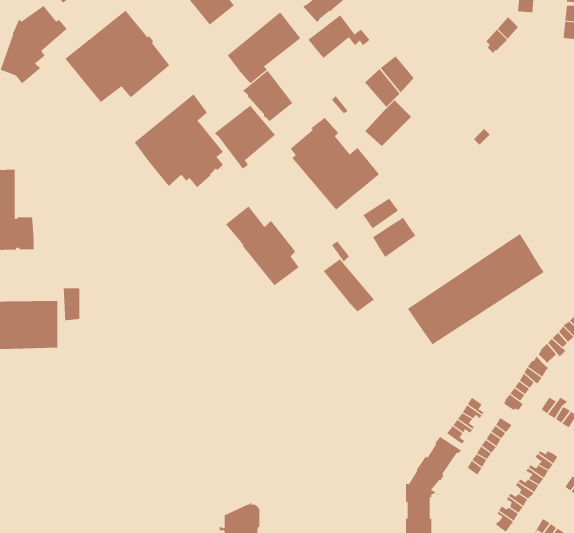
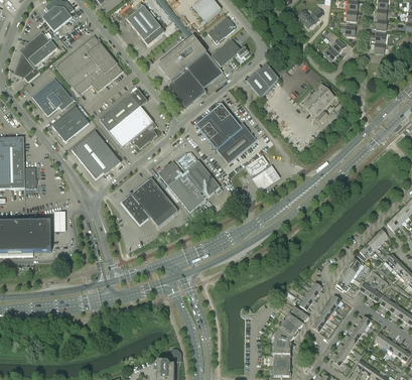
building: none -> [31,77,73,115]
building: [365,99,412,147] -> [302,85,332,115]
building: [214,105,276,170] -> [182,52,222,94]
building: none -> [51,106,89,141]
building: none -> [71,130,120,178]
building: [407,233,545,345] -> none
building: none -> [120,177,177,226]
building: [323,258,375,312] -> [186,160,220,195]

